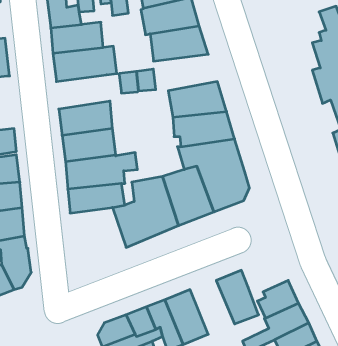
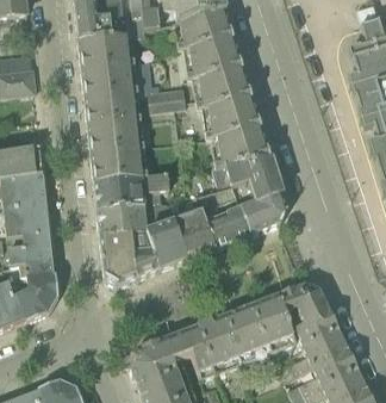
building: none -> [186,69,253,107]
building: none -> [85,91,141,126]
building: none -> [99,229,157,286]
building: none -> [278,284,326,317]
building: none -> [224,305,270,361]

